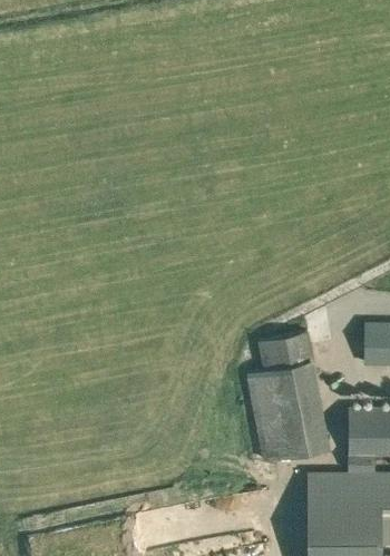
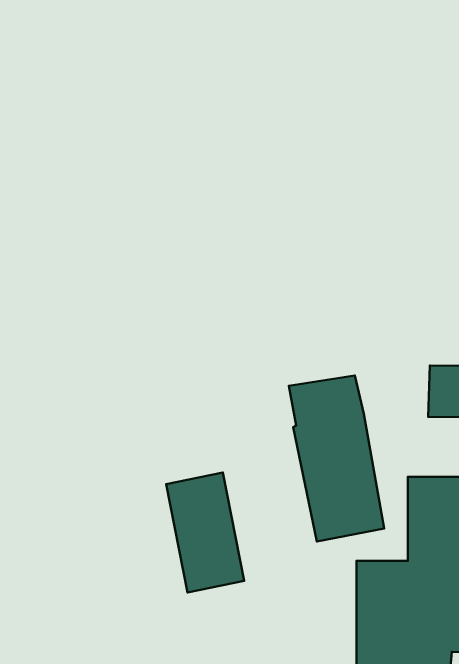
building: none -> [166,472,244,592]

